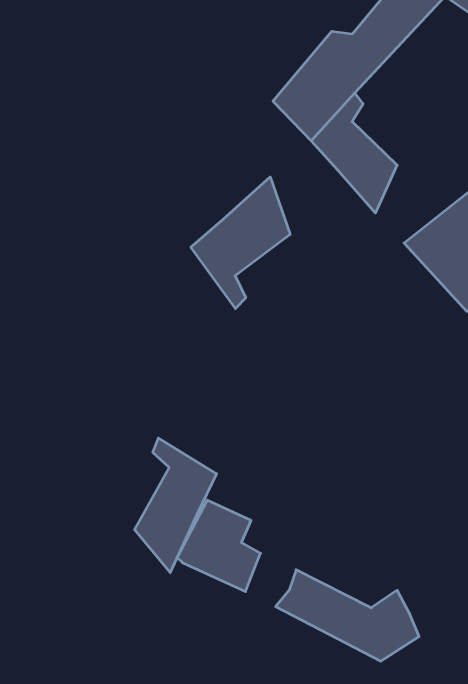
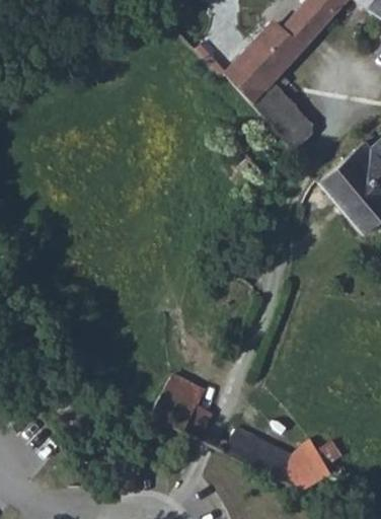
building: [191,177,290,309] -> none
building: [135,438,217,573] -> none

